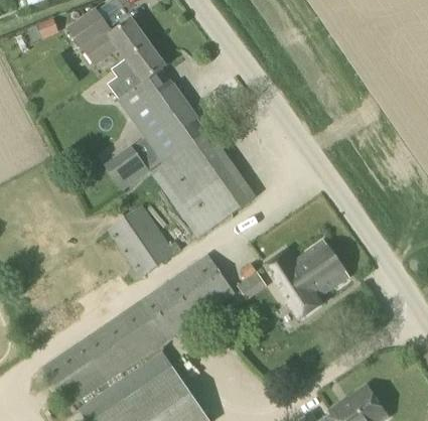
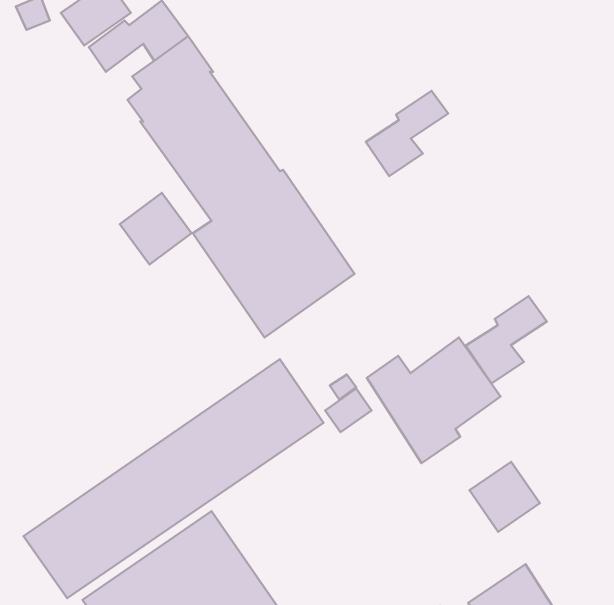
building: none -> [366,91,448,176]
building: [102,204,182,281] -> none
building: none -> [466,296,547,384]
building: none -> [469,462,540,532]

